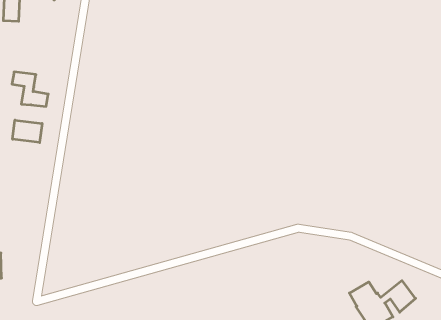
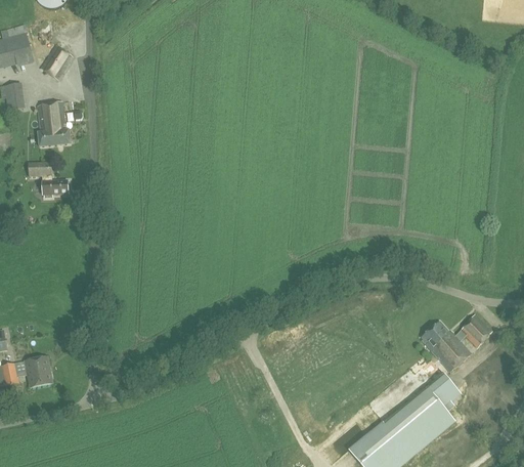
building: none -> [38,102,70,146]
building: [13,120,42,143] -> none

